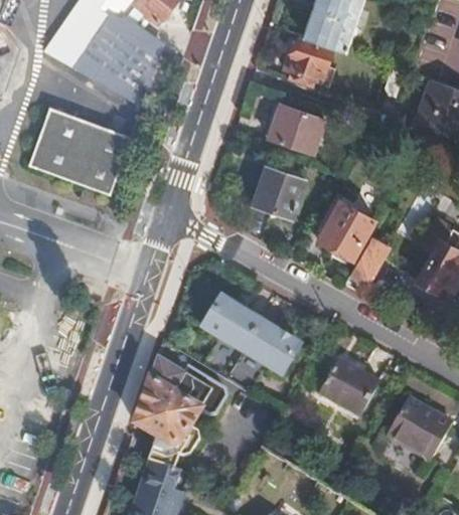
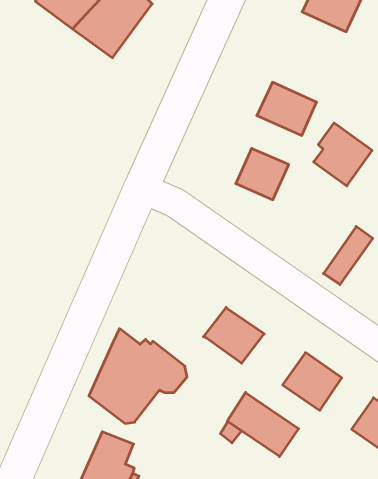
building: [286,39,332,88] -> none
building: [28,104,130,191] -> none
building: [320,199,375,259] -> [314,123,372,186]
building: [198,303,257,356] -> none
building: none -> [227,392,299,457]

